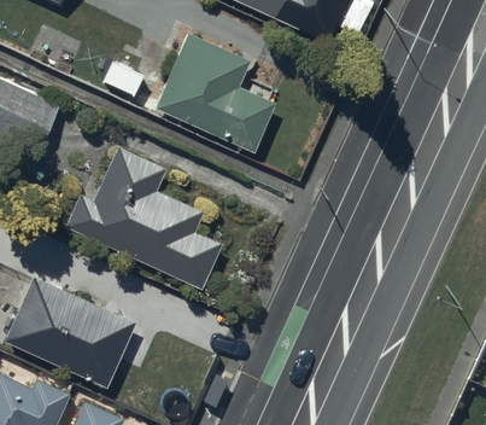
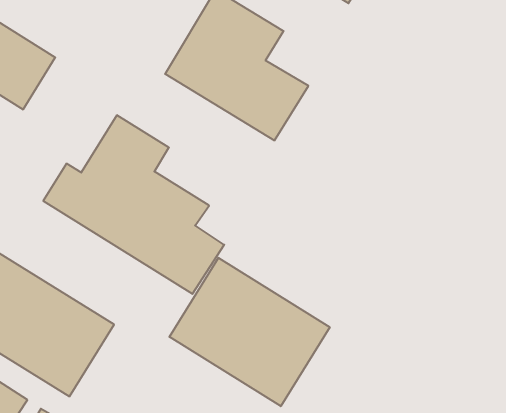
building: none -> [169,258,330,406]

